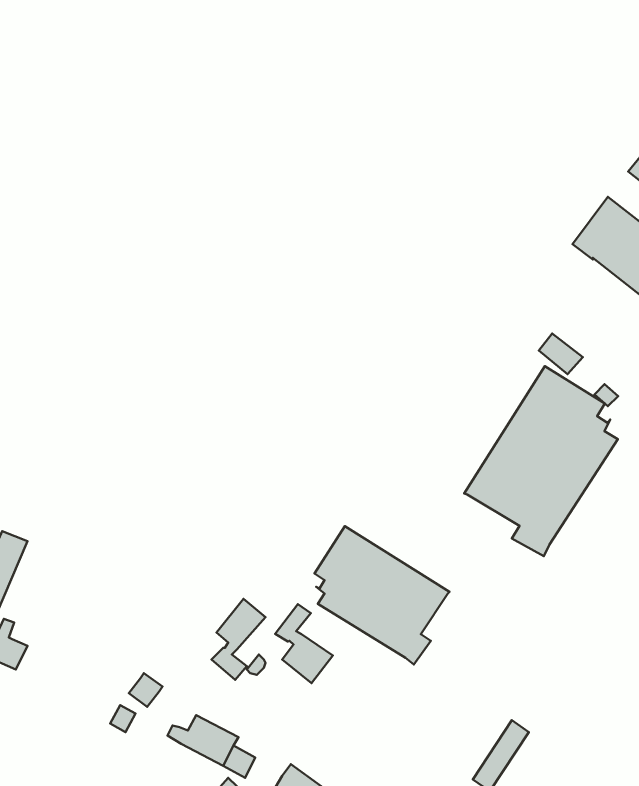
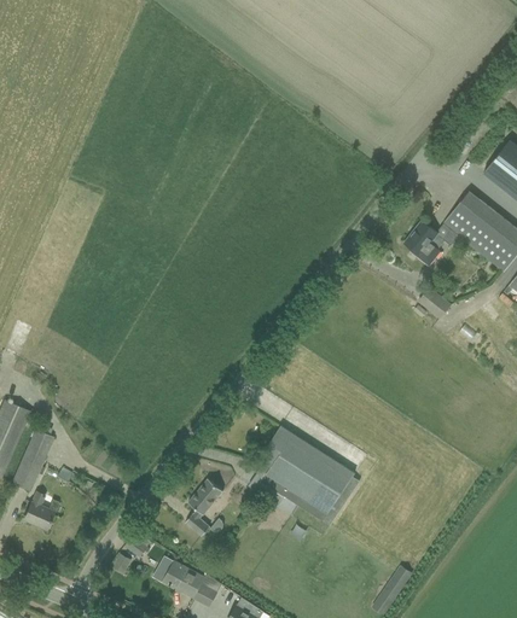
building: none -> [405,221,458,264]
building: [464,366,618,556] -> none
building: [275,604,333,683] -> none

